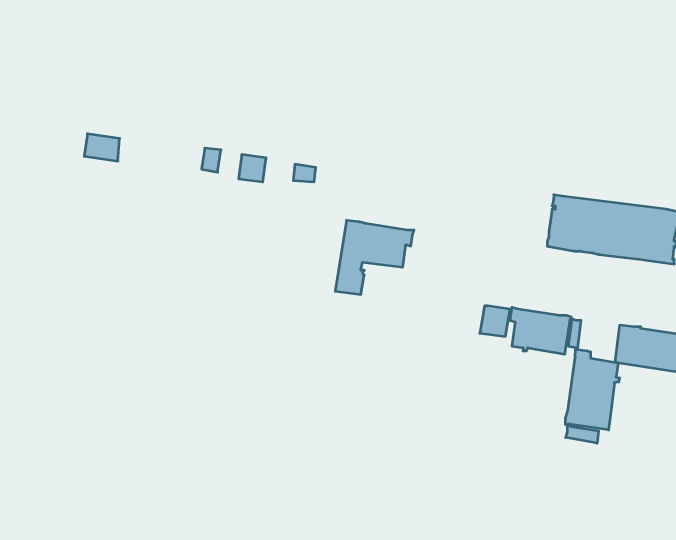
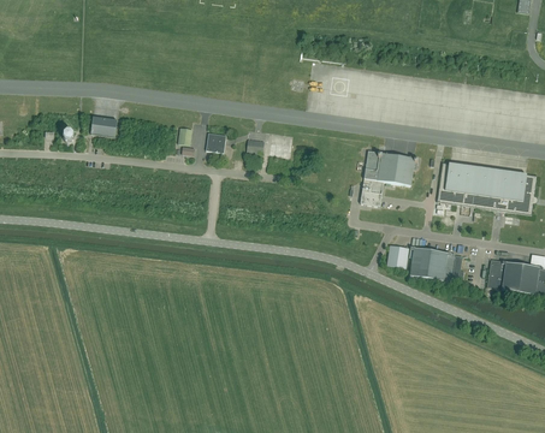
building: [335,220,414,294] -> [360,149,419,204]
building: [566,349,620,443] -> none

